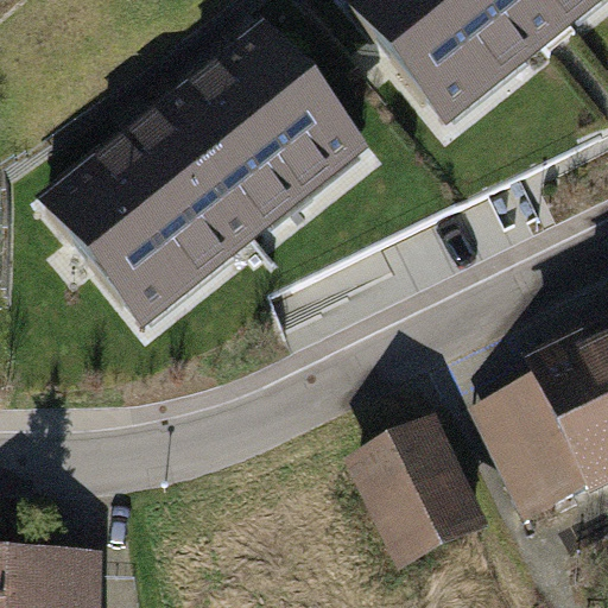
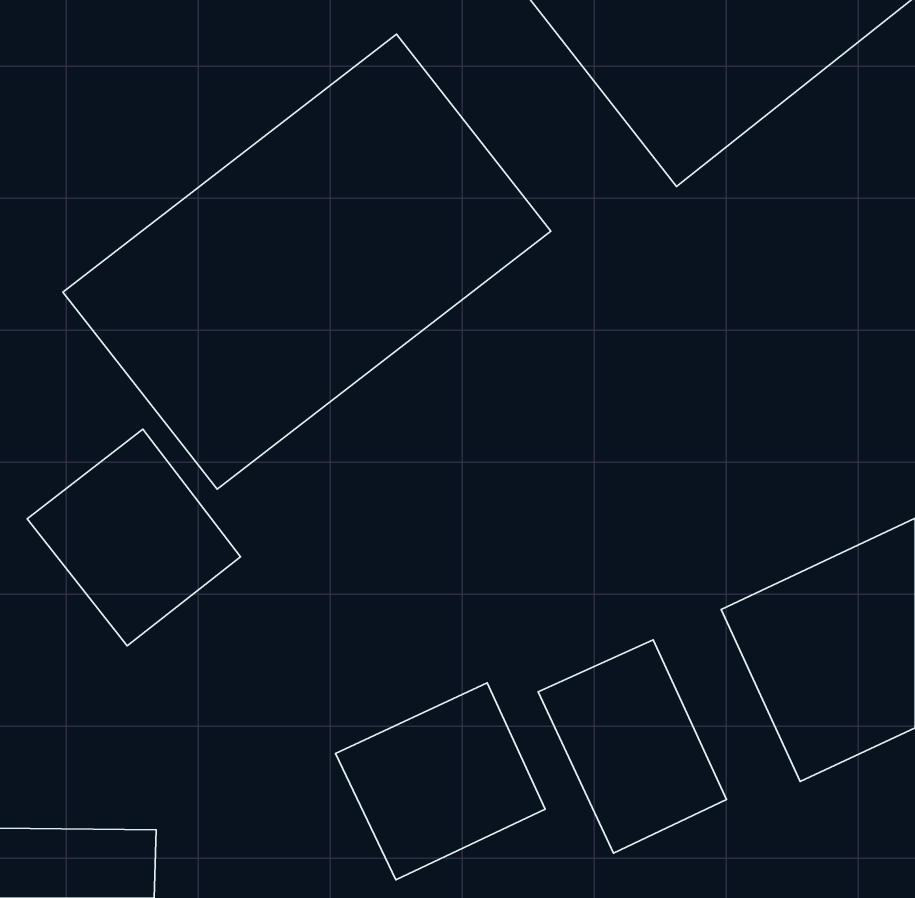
building: none -> [27,429,241,646]
building: none -> [335,683,545,880]

